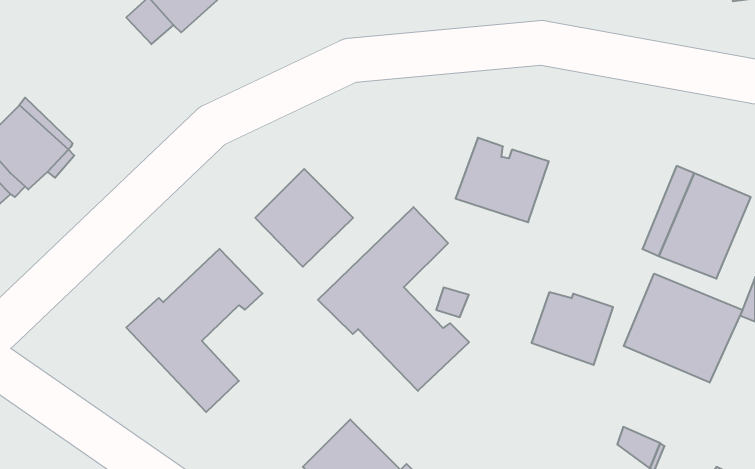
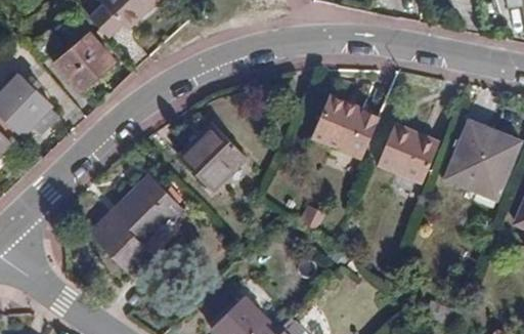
building: none -> [53,33,113,90]
building: [318,207,469,391] -> none
building: [624,274,742,383] -> none
building: [531,292,613,365] -> [383,129,439,179]

